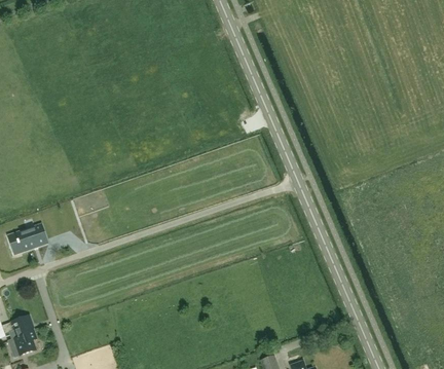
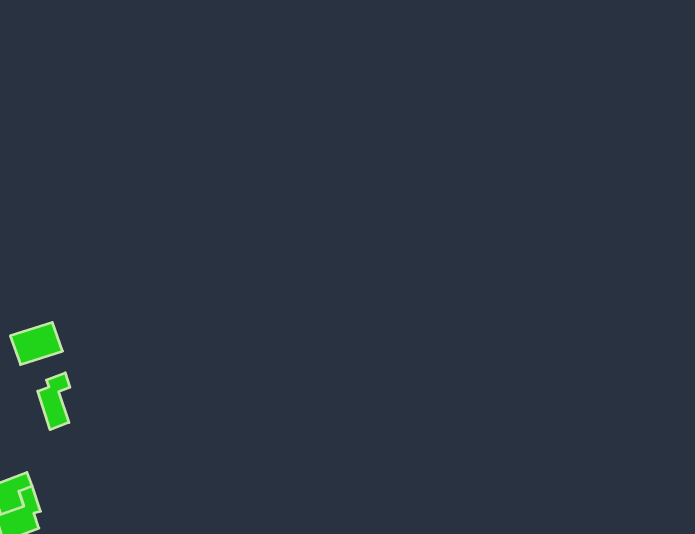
building: none -> [38,373,70,430]

